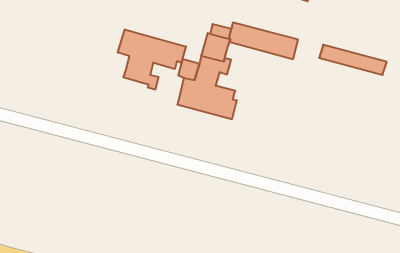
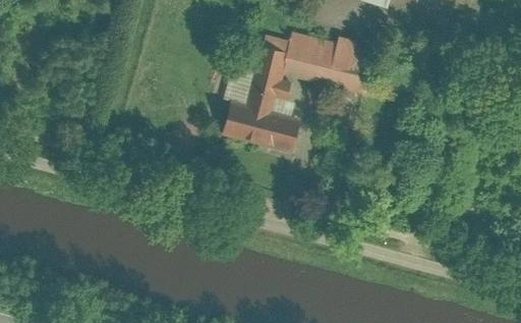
building: [118,29,186,90] -> none
building: [319,45,387,75] -> [284,57,368,95]

